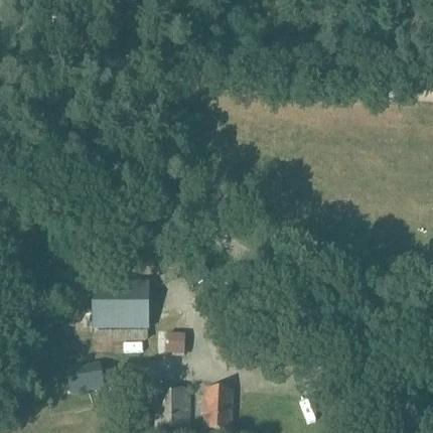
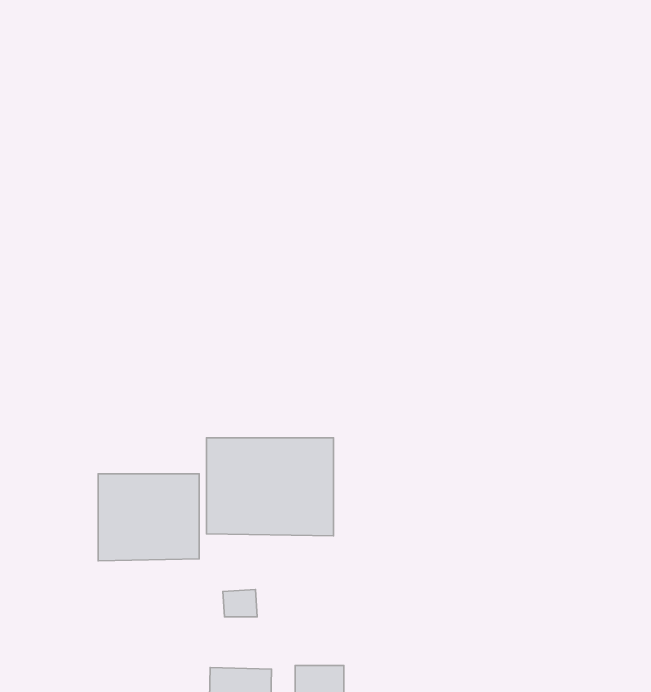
building: none -> [207,438,334,536]
building: [66,359,105,391] -> none

